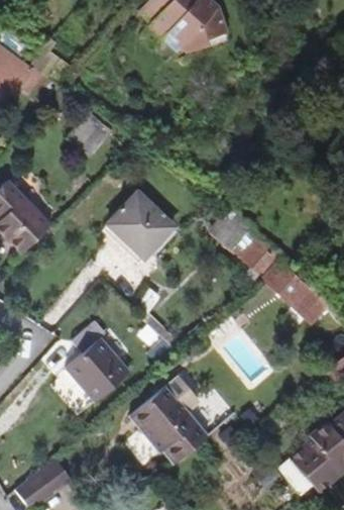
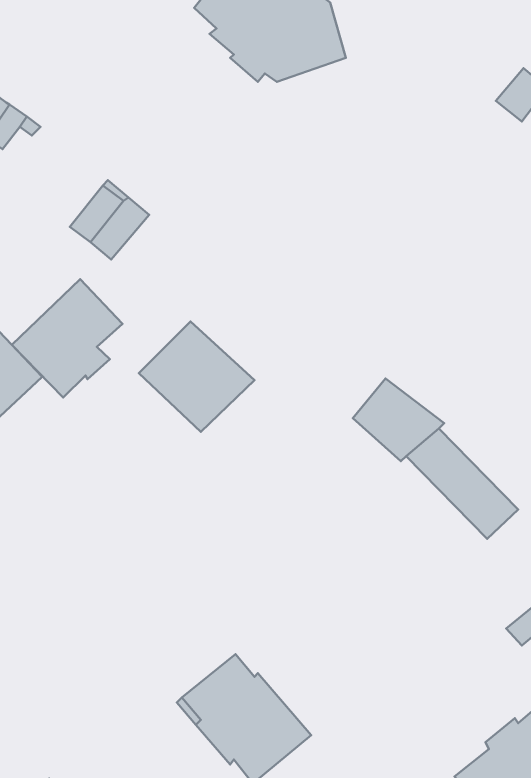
building: none -> [12,279,123,397]
building: [211,208,252,249] -> none
building: [67,320,130,401] -> none

